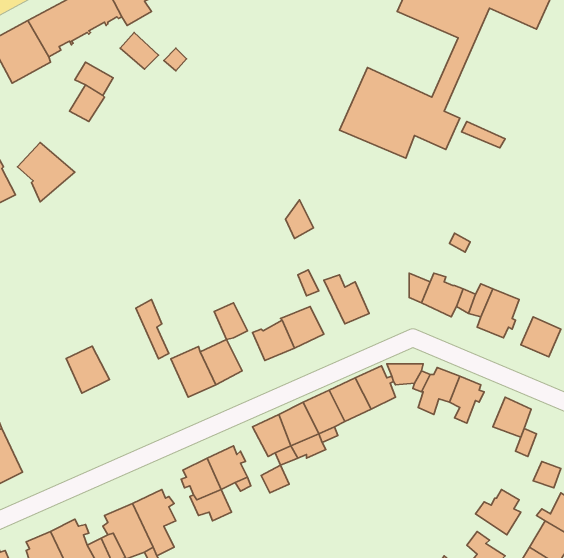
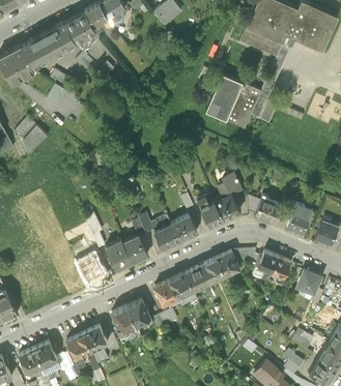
building: none -> [216,173,241,219]
building: [66,346,110,393] -> [79,255,105,283]

